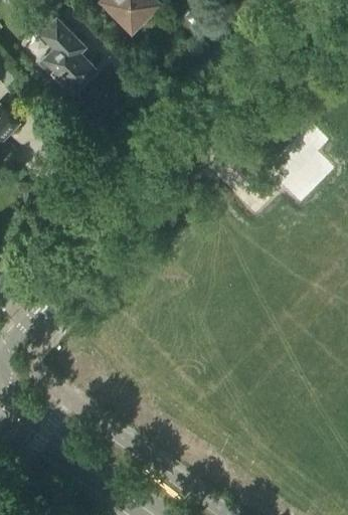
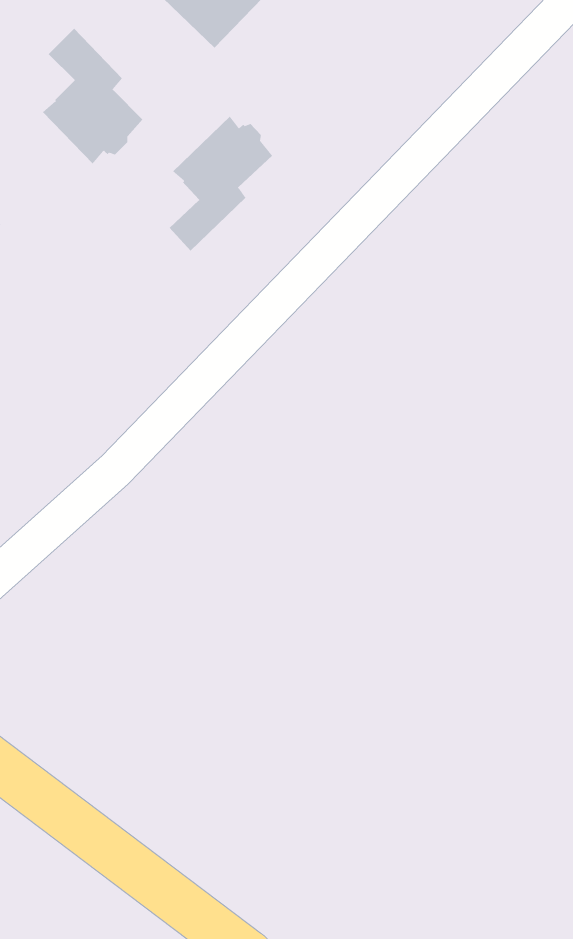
building: none -> [169,116,273,251]

